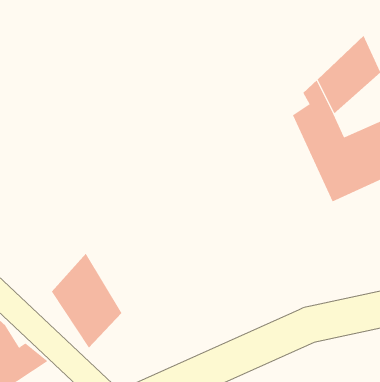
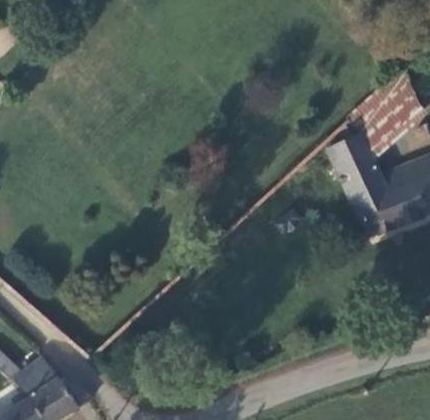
building: [51,253,122,348] -> none

